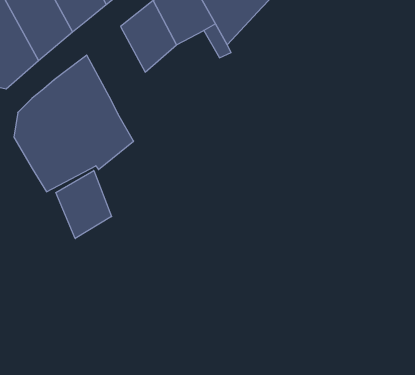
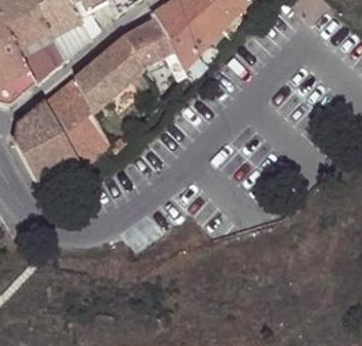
building: none -> [73,54,119,113]
building: [56,170,112,239] -> none

